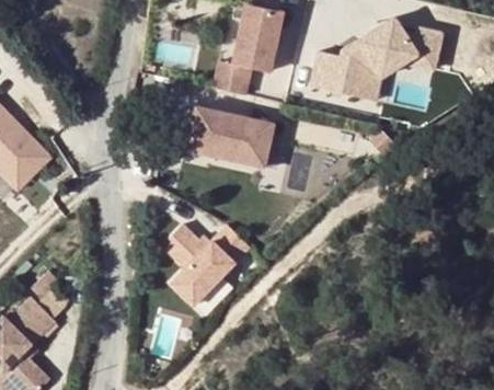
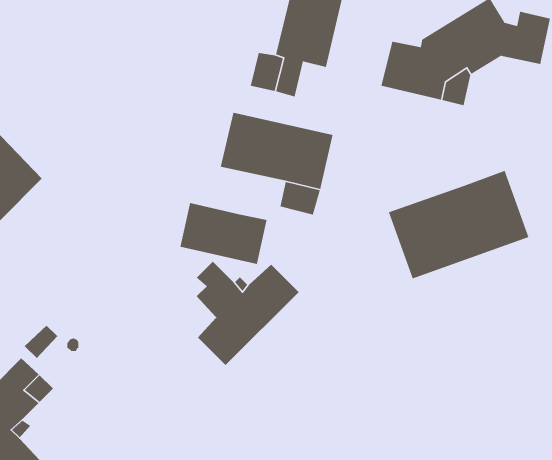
building: none -> [388,170,530,279]
building: none -> [179,202,268,265]

